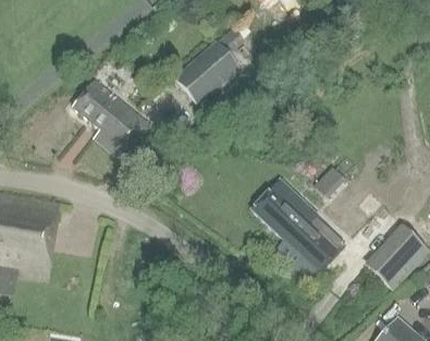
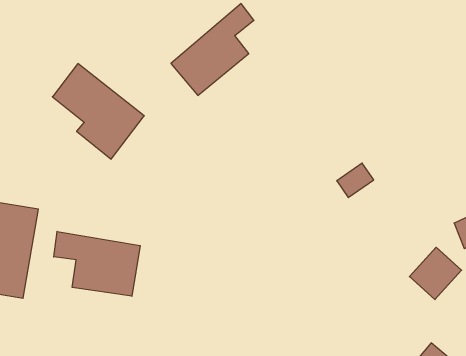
building: [250,176,344,278] -> none
building: none -> [54,231,140,296]

